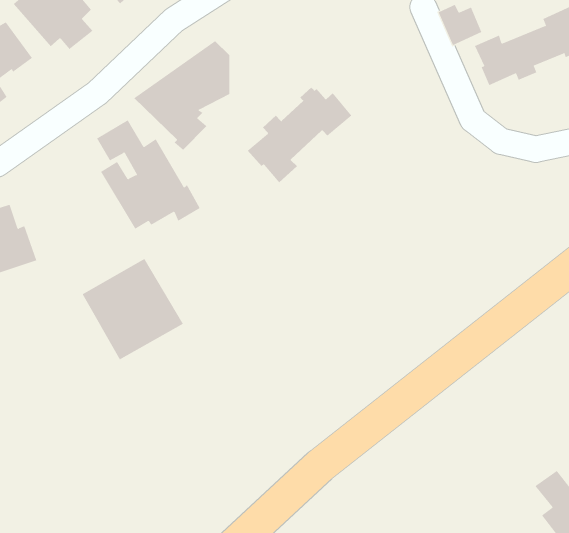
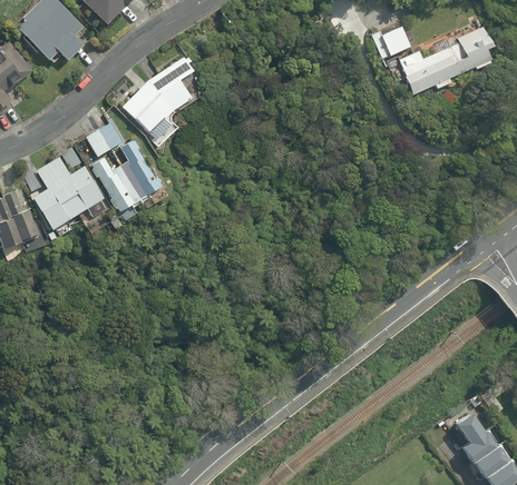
building: [247,87,352,183] -> none
building: [82,258,184,360] -> [20,147,105,231]

